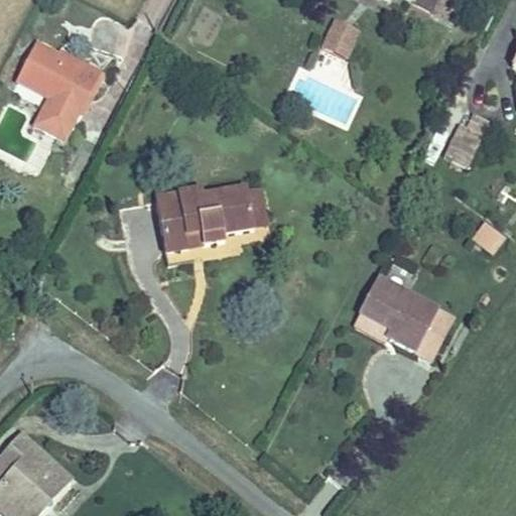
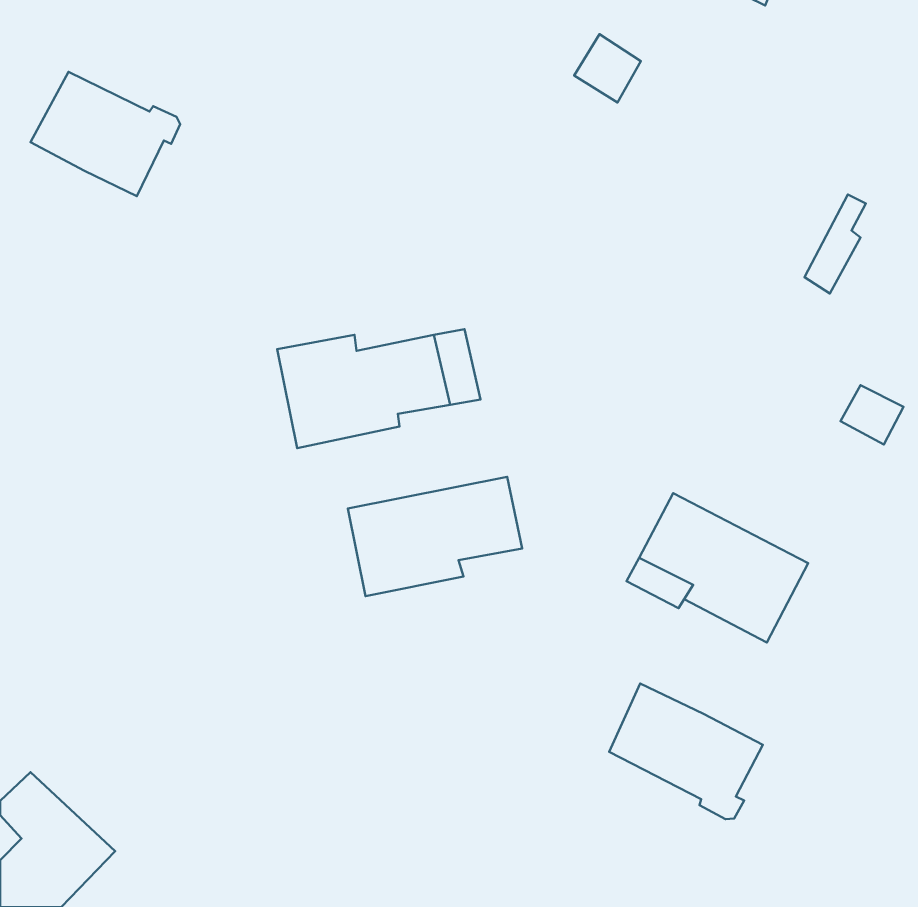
building: [35,96,78,137] -> none
building: none -> [348,477,522,596]
building: none -> [609,683,763,819]

